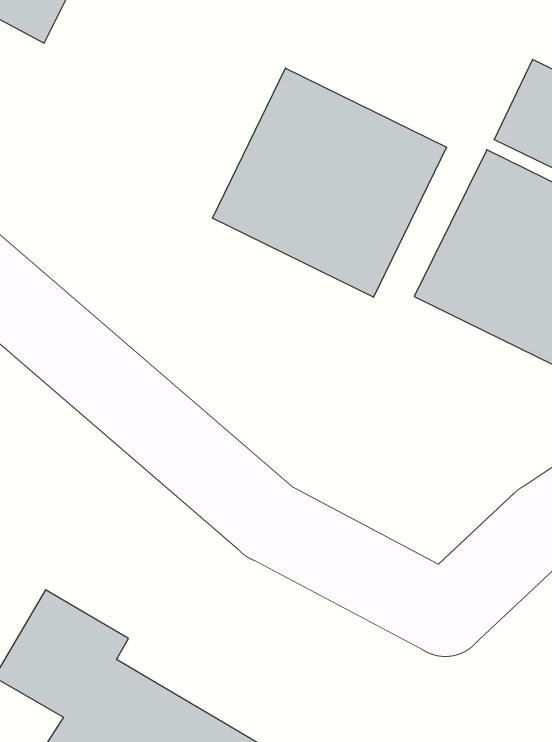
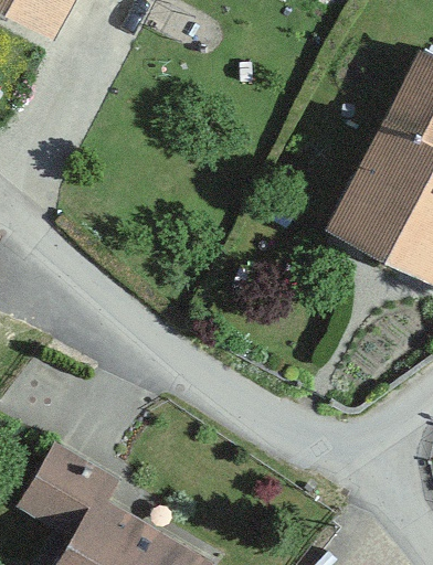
building: [213,68,447,297] -> none

